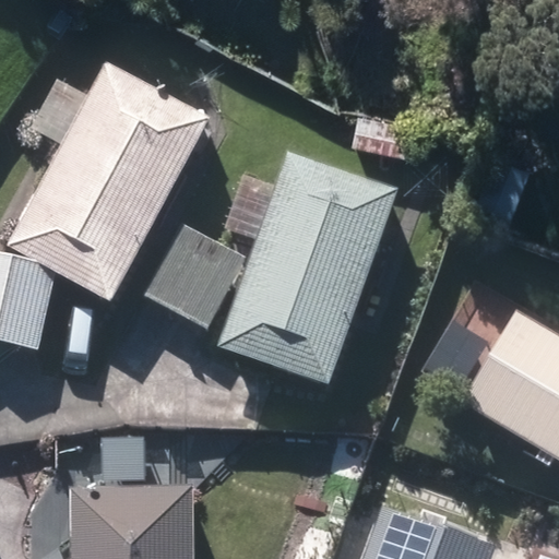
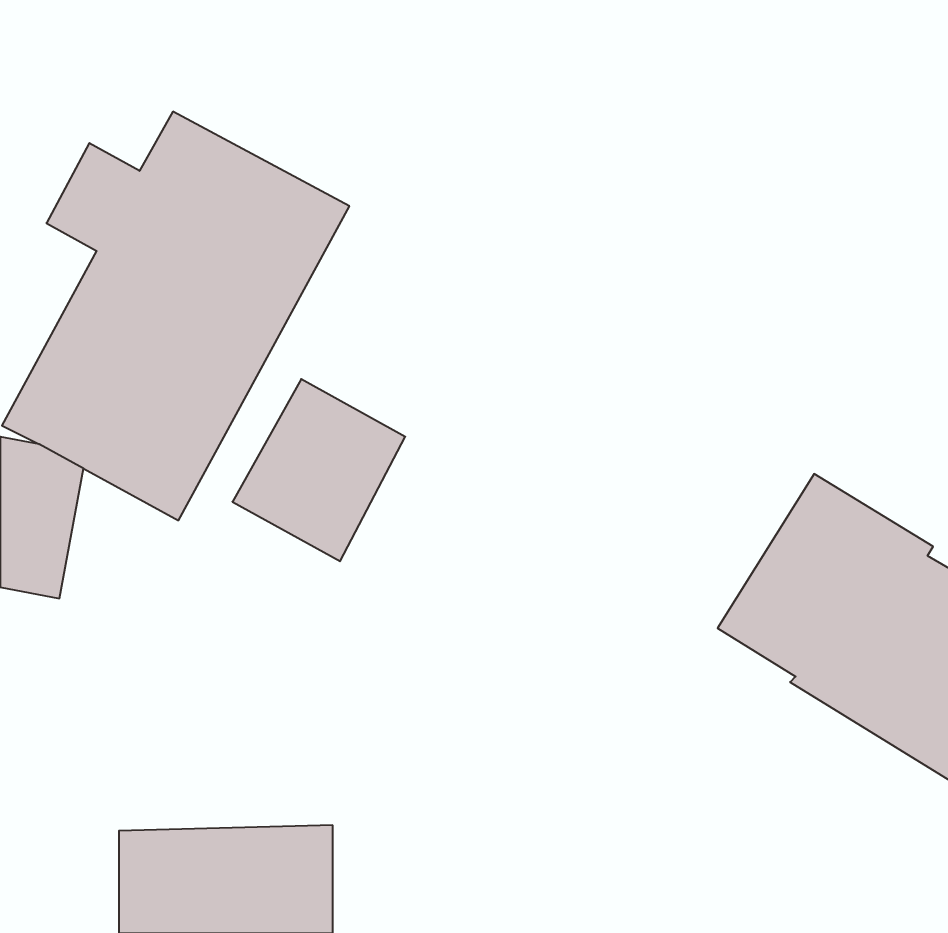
building: [221,152,399,385] -> none

